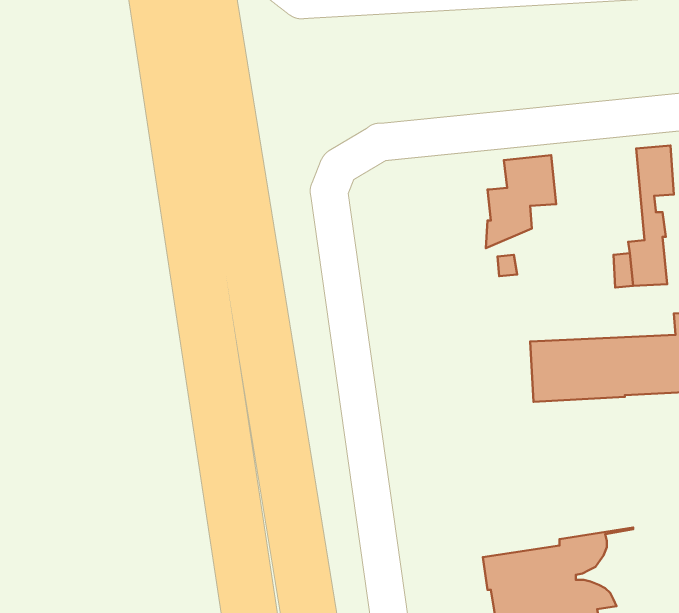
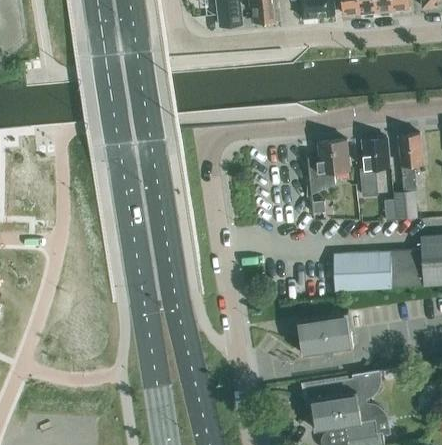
building: none -> [360,137,391,197]
building: none -> [297,313,353,359]

